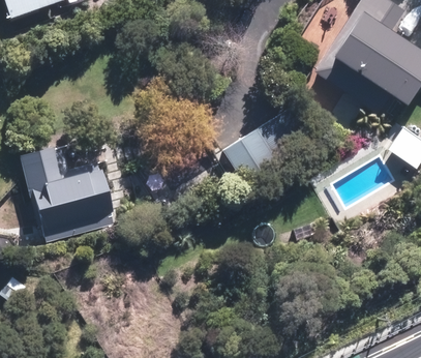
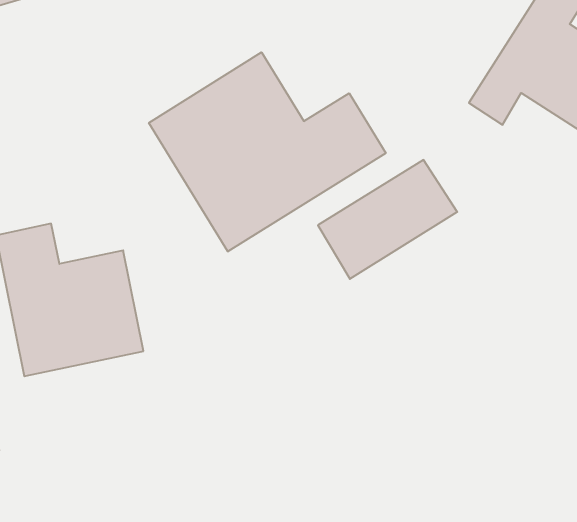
building: none -> [149,52,386,252]

